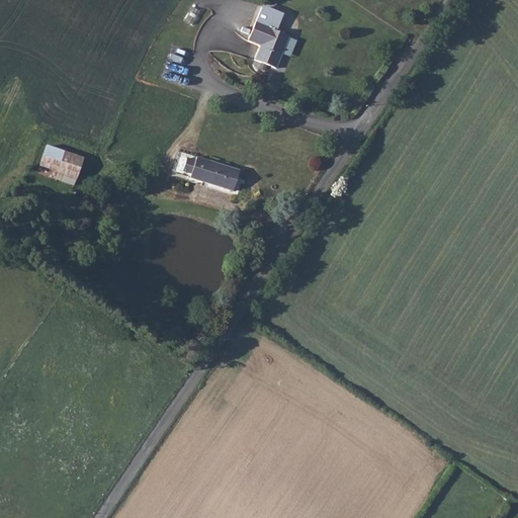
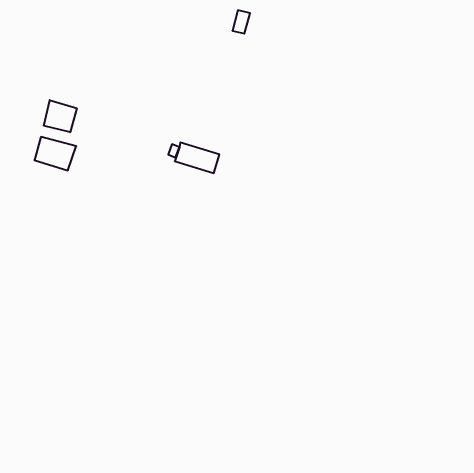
building: [262,18,292,57] -> none
building: none -> [44,100,77,132]

